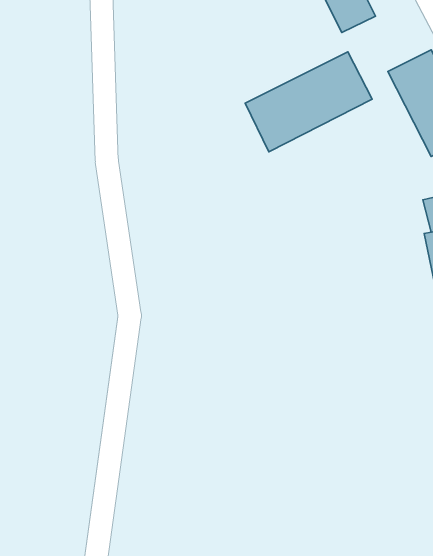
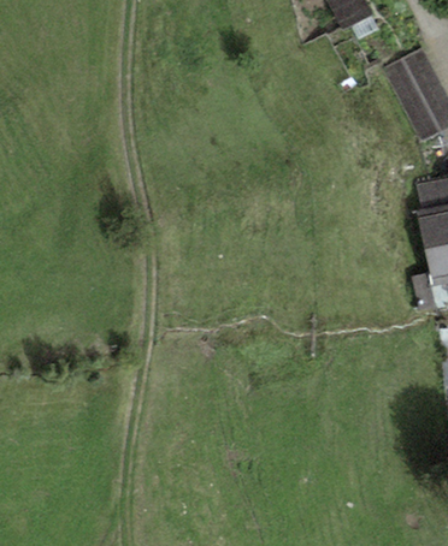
building: [245,52,372,152] -> none

